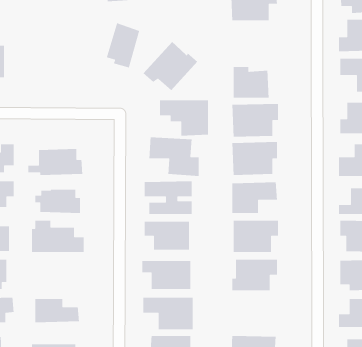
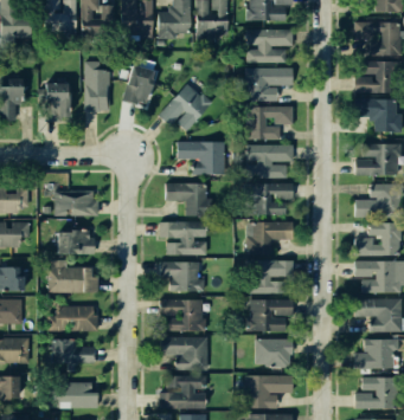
building: none -> [83,64,109,112]
building: none -> [245,69,288,102]
building: none -> [43,84,68,122]
building: none -> [47,306,98,331]
building: none -> [256,338,290,369]

